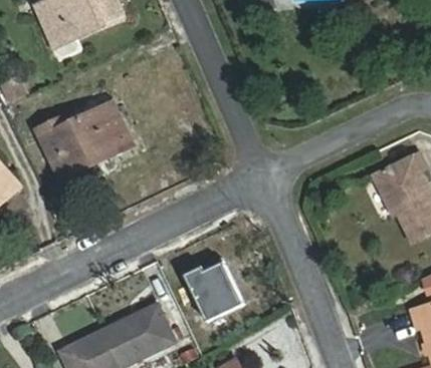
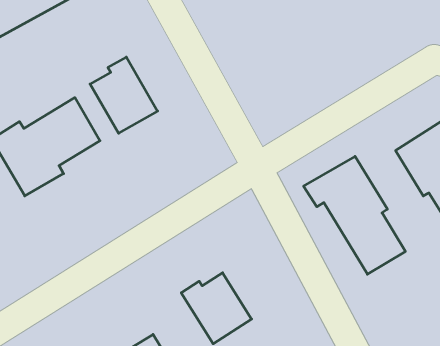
building: none -> [90,57,158,133]
building: none -> [304,156,405,274]

